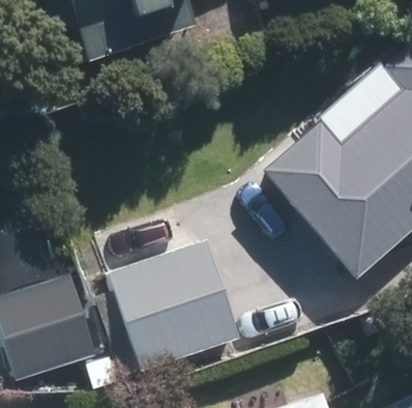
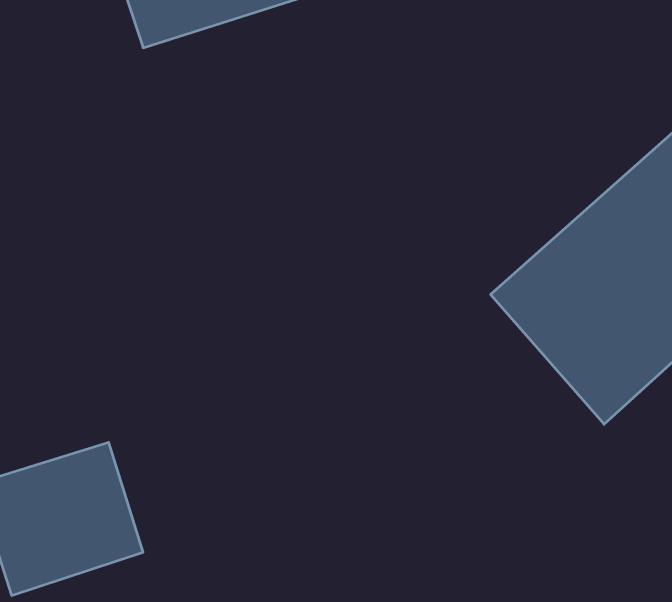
building: [112,246,230,360] -> none

